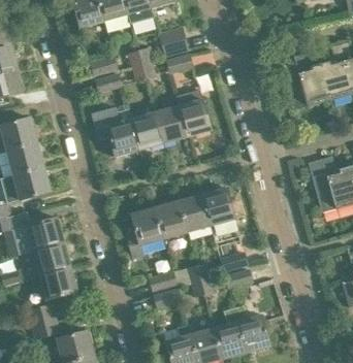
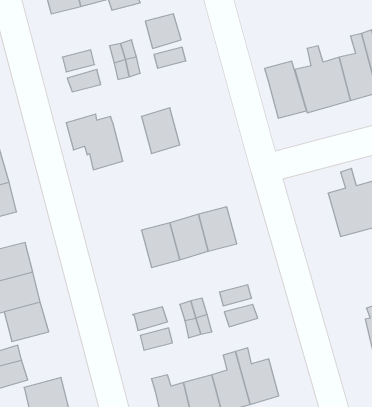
building: [175,89,211,136] -> [265,61,307,118]
building: [131,112,163,150] -> none
building: [126,207,163,258] -> none

